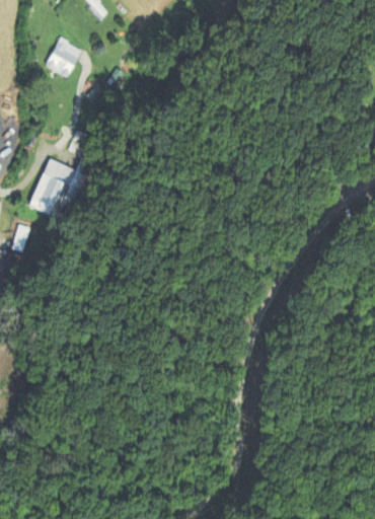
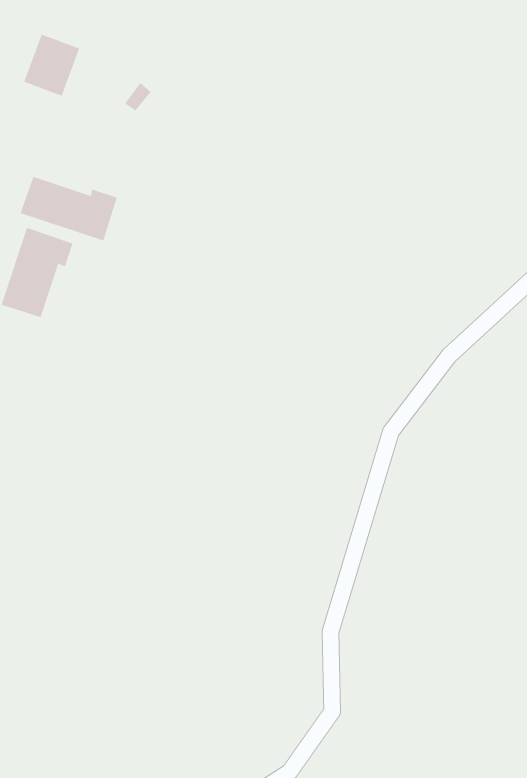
building: none -> [20,176,118,241]

